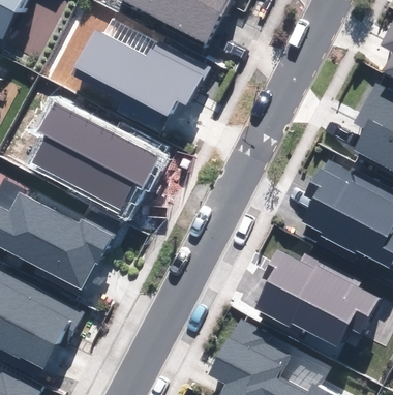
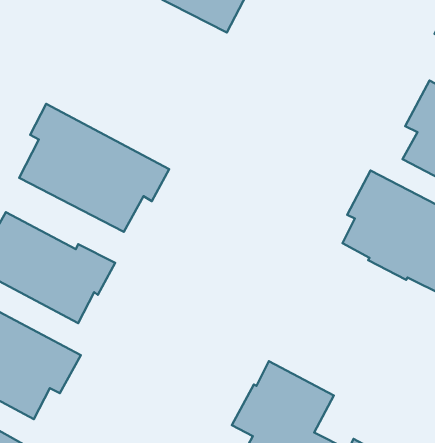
building: [73,30,210,121] -> none
building: [255,250,376,346] -> none

